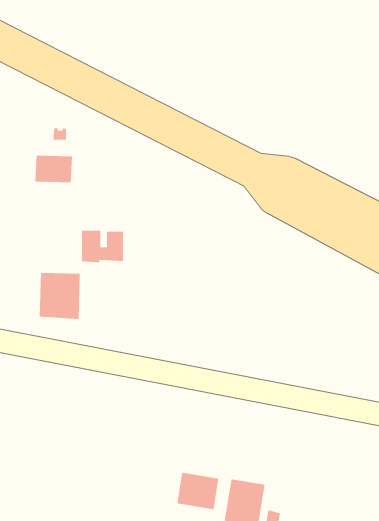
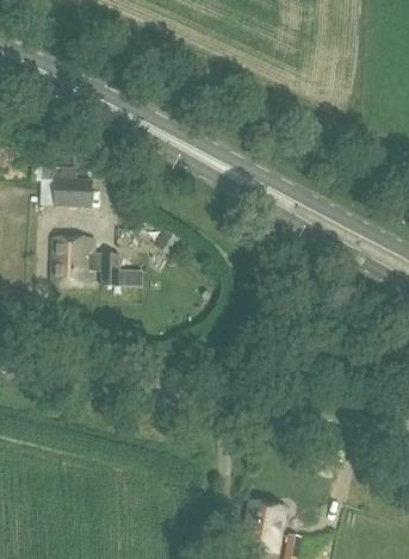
building: [39,272,81,320] -> [50,236,92,284]
building: [176,472,219,510] -> none

